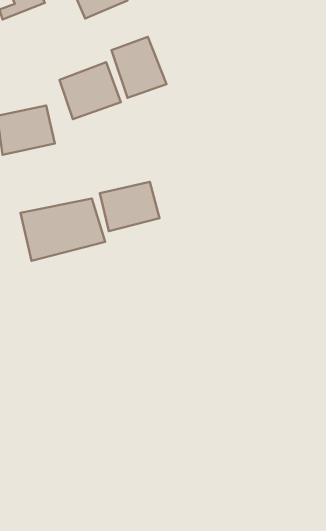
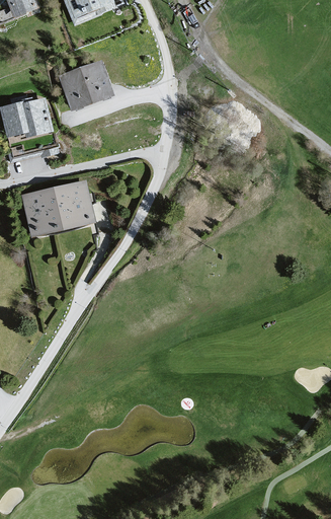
building: [111,37,167,98] -> none
building: [100,182,159,231] -> none

